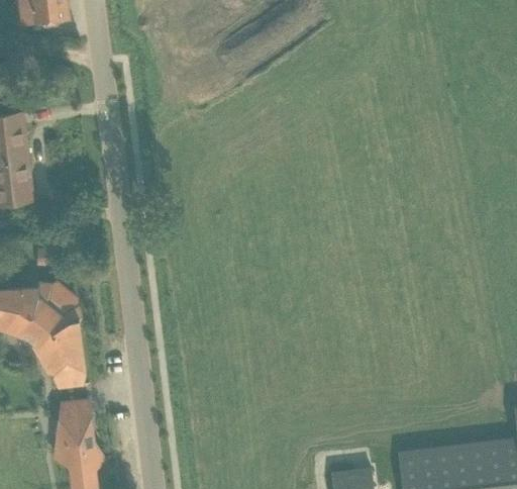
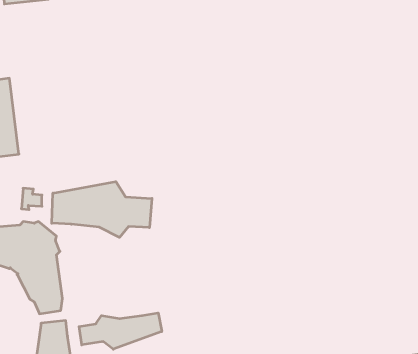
building: none -> [52,182,152,237]
building: none -> [79,313,162,349]

